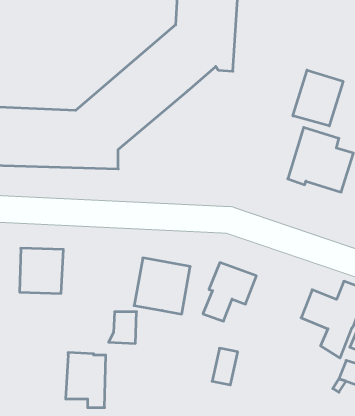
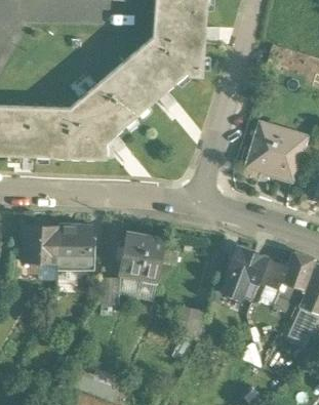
building: [293,70,343,126] -> none
building: [203,263,256,321] -> [224,248,269,297]
building: [66,353,106,408] -> [57,224,91,270]

